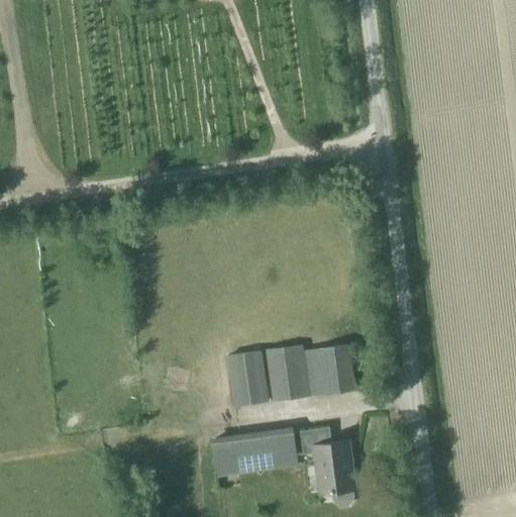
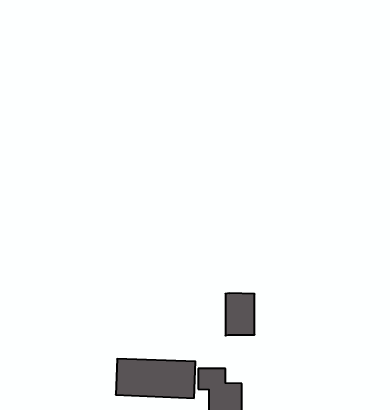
building: [265,346,308,401] -> none
building: [228,352,267,406] -> none

